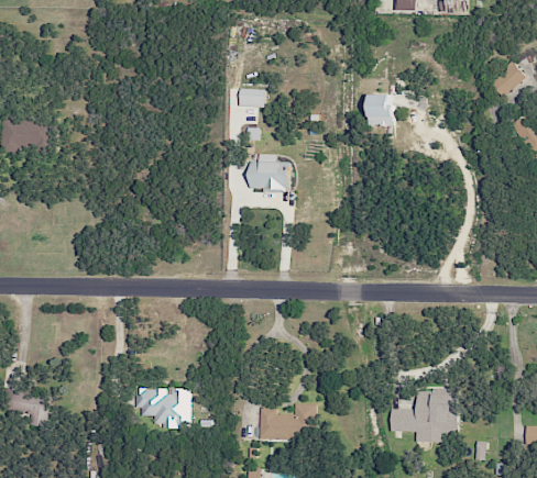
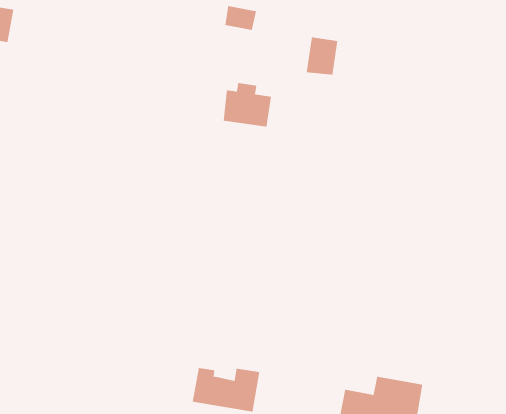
building: [369,93,393,125] -> [306,37,338,75]
building: [134,388,189,426] -> none

